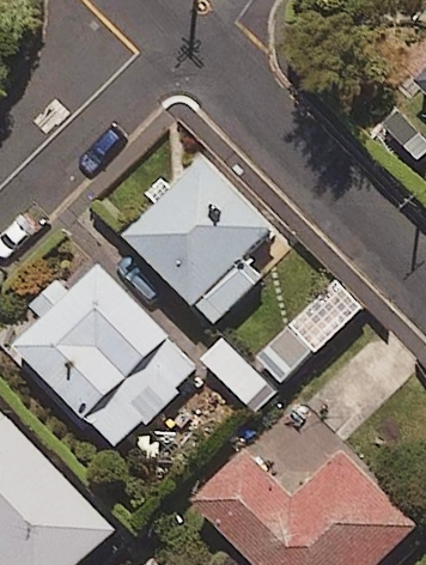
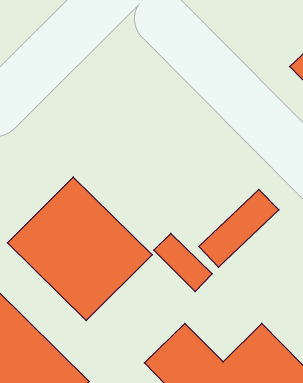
building: [118,156,274,310] -> none

